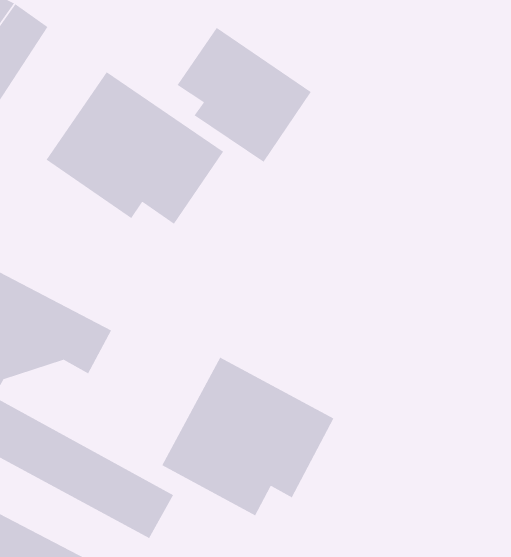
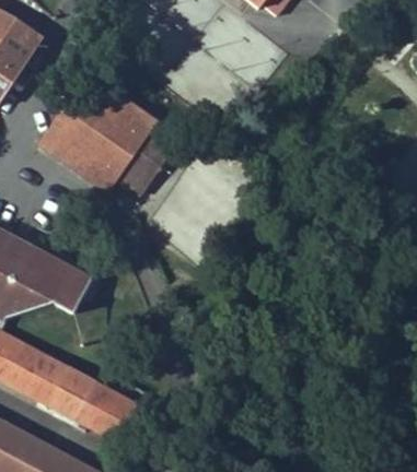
building: [177,27,312,163] -> none
building: [161,357,334,517] -> none

